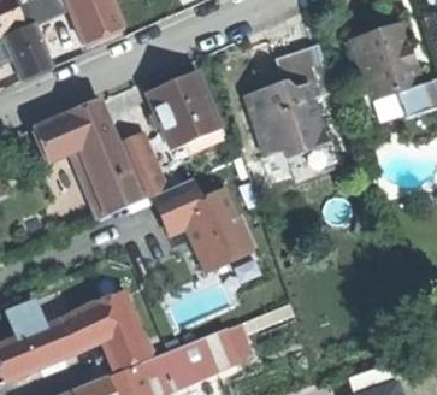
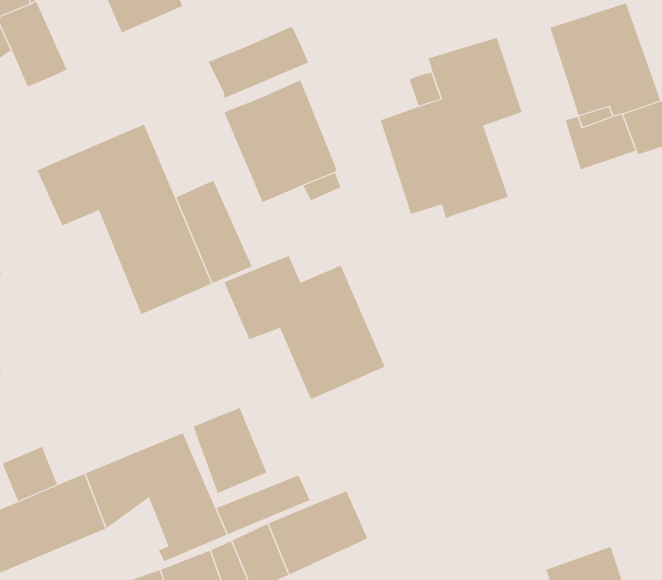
building: none -> [208,26,309,99]
building: none -> [193,407,267,494]

